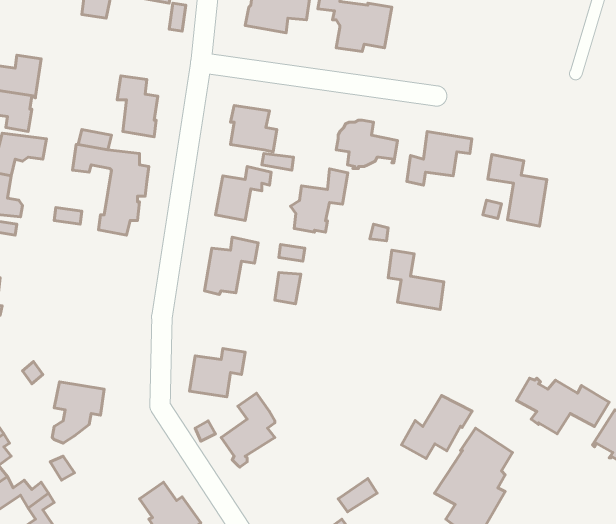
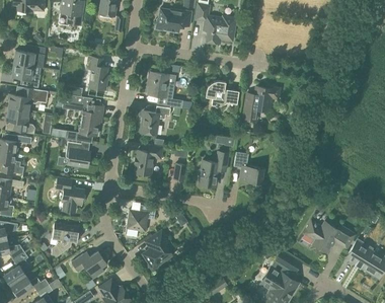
building: [488,155,547,226] -> none
building: [290,169,348,232] -> [197,151,228,185]
building: none -> [66,141,90,167]
building: none -> [54,176,84,212]
building: [402,395,472,459] -> none
building: none -> [71,250,106,278]

